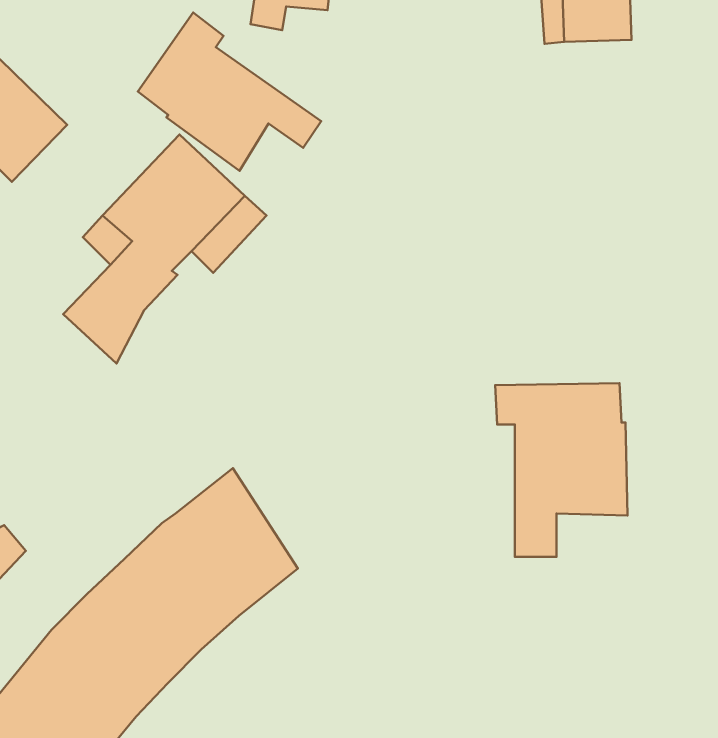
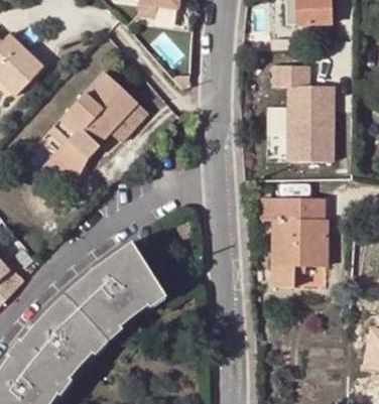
building: [138,12,321,171] -> none
building: none -> [279,65,340,162]

